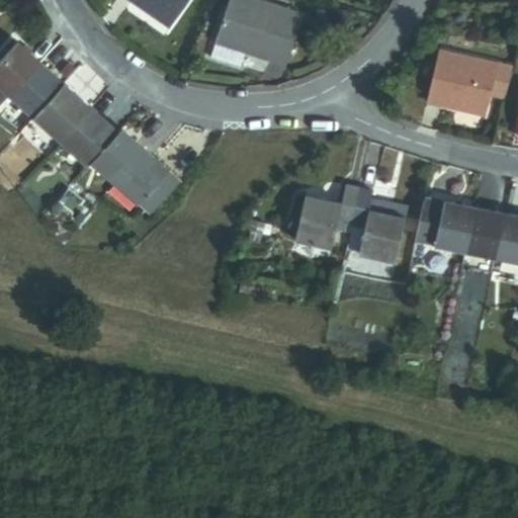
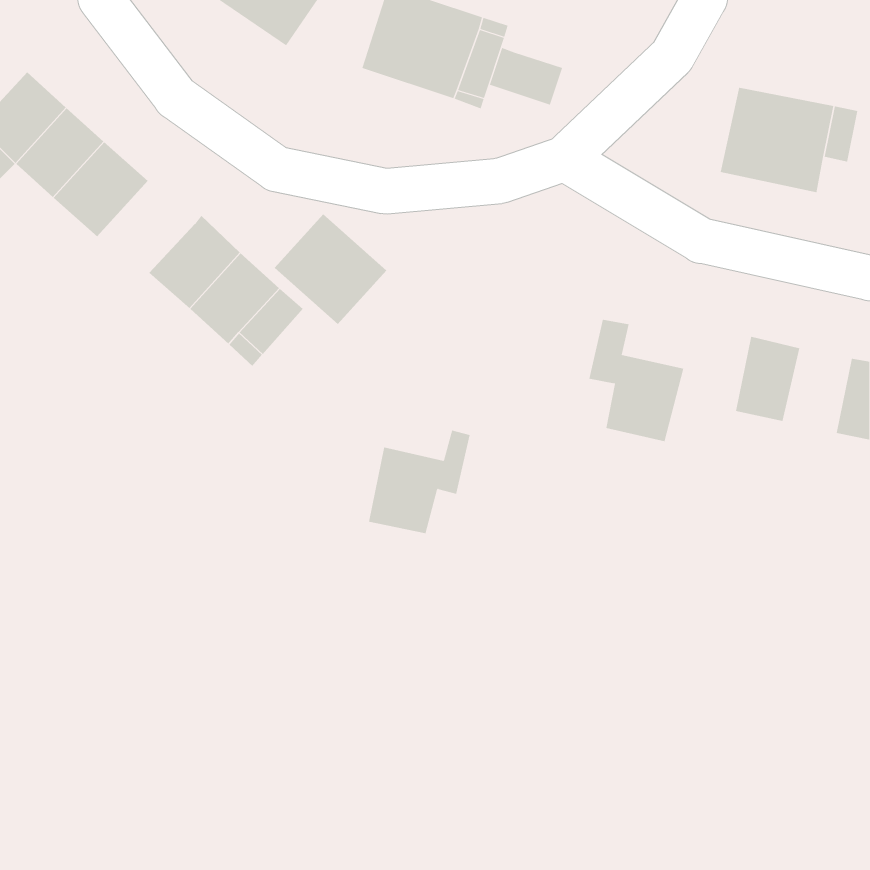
building: none -> [489,47,563,106]
building: [58,107,115,166] -> none
building: none -> [274,214,387,325]
building: [296,186,357,248] -> [368,430,470,534]
building: [416,195,445,244] -> none
building: [464,206,505,257] -> none

